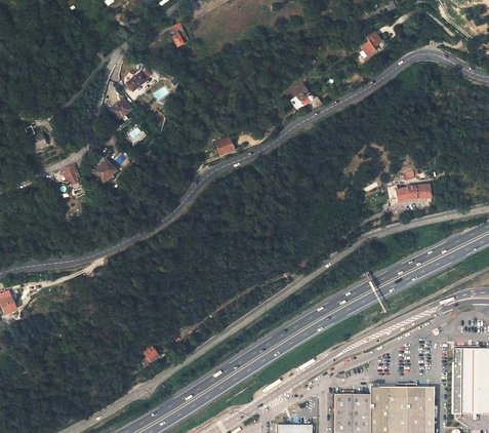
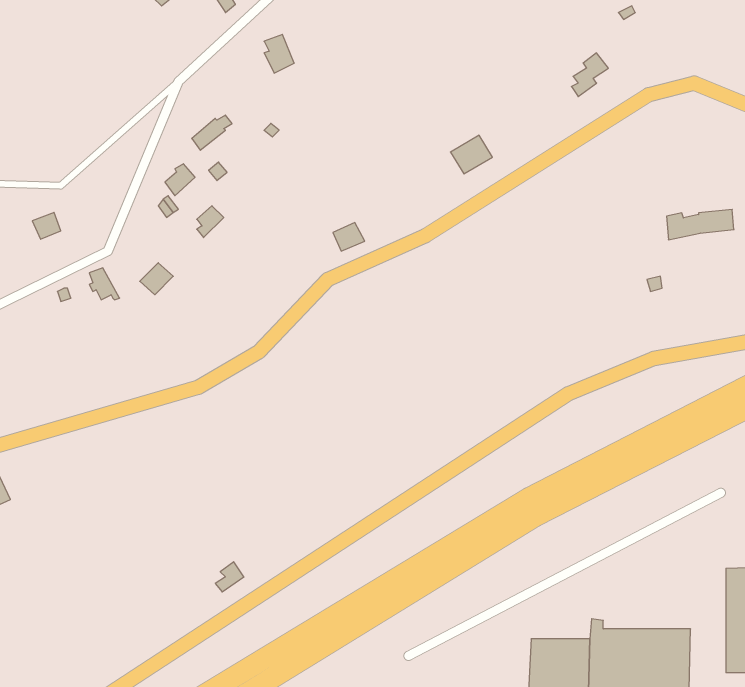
building: [389,184,430,202] -> [667,209,734,240]

